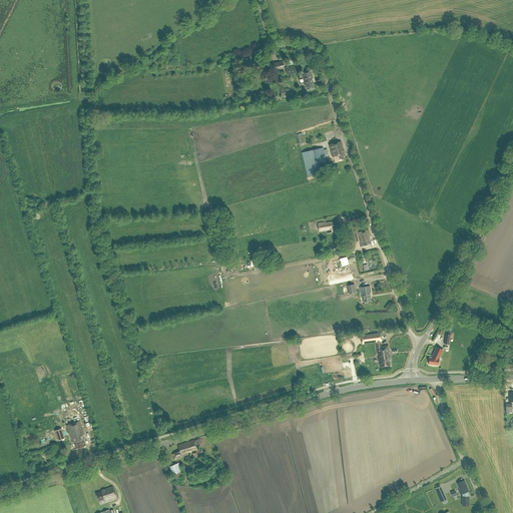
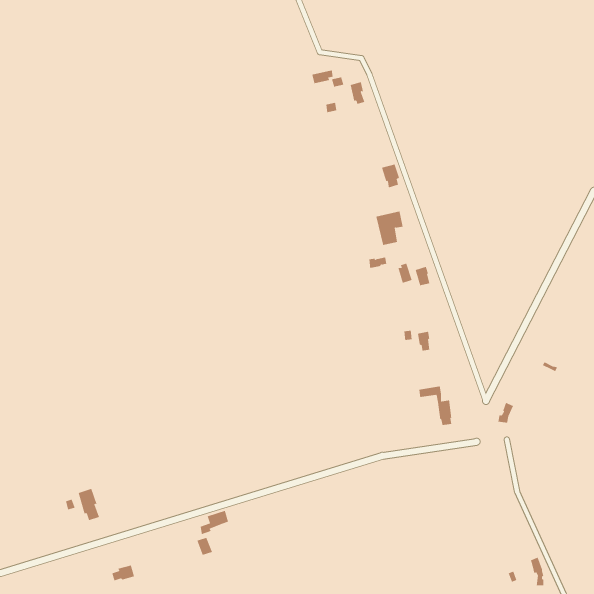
building: [302,147,326,177] -> [376,211,404,246]

